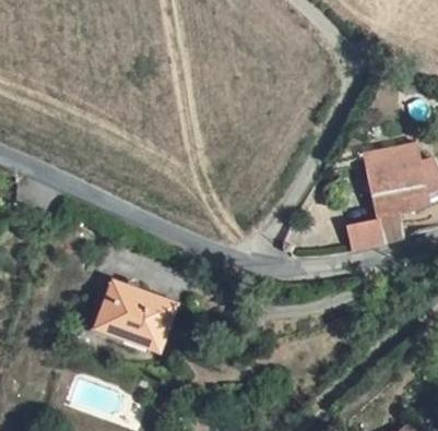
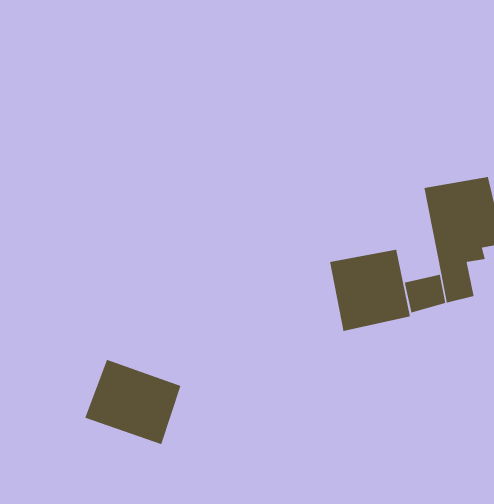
building: none -> [329,249,411,332]

